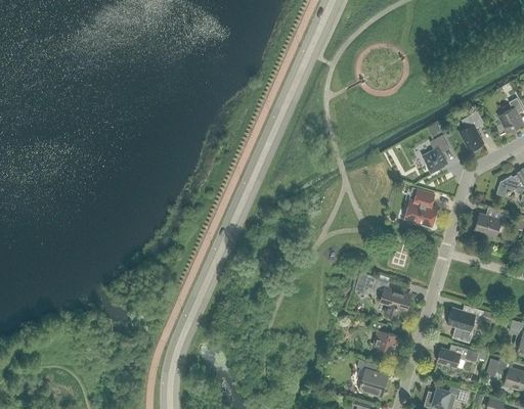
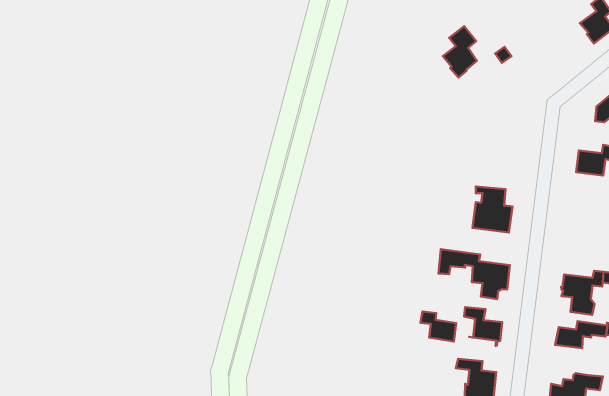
building: [460,110,484,150] -> none
building: [422,135,449,174] -> [443,26,477,77]
building: [403,187,437,227] -> [472,186,512,232]
building: none -> [421,312,456,341]

